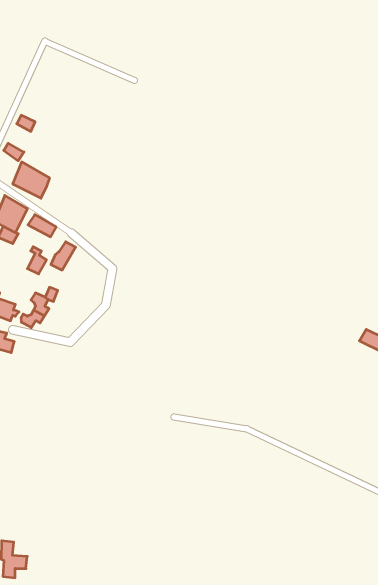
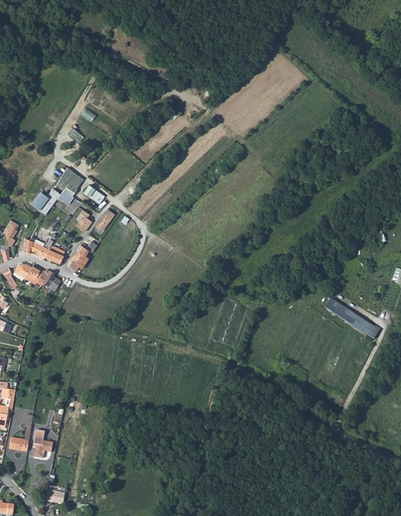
building: [13,162,49,198] -> none

